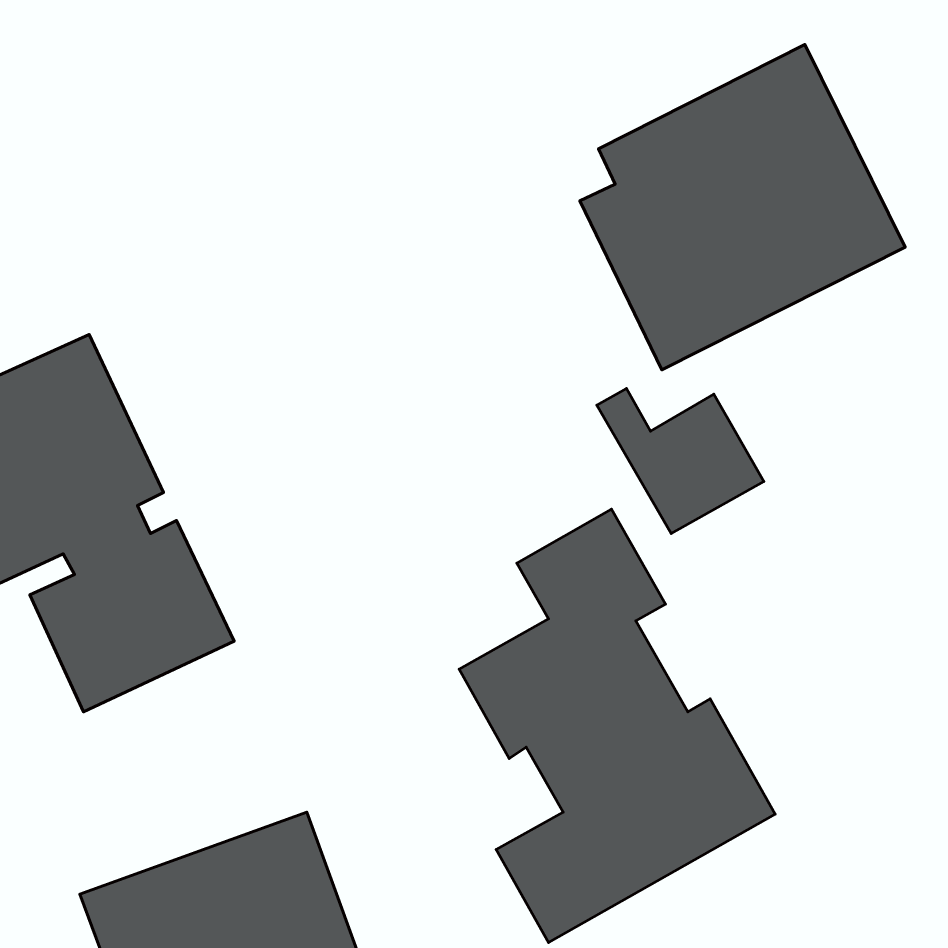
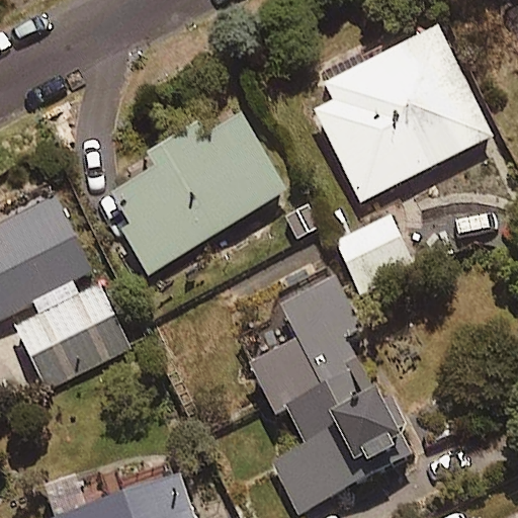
building: none -> [101,104,284,276]

